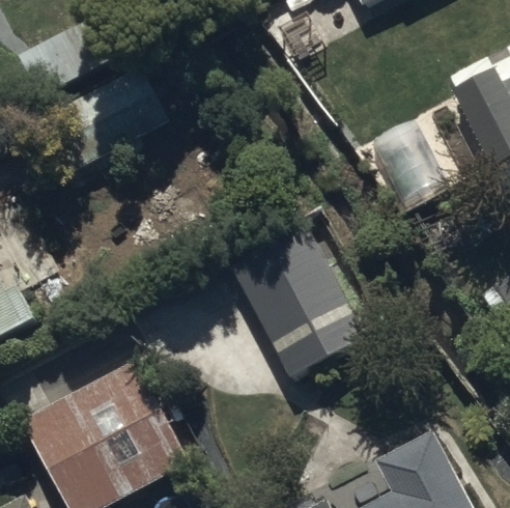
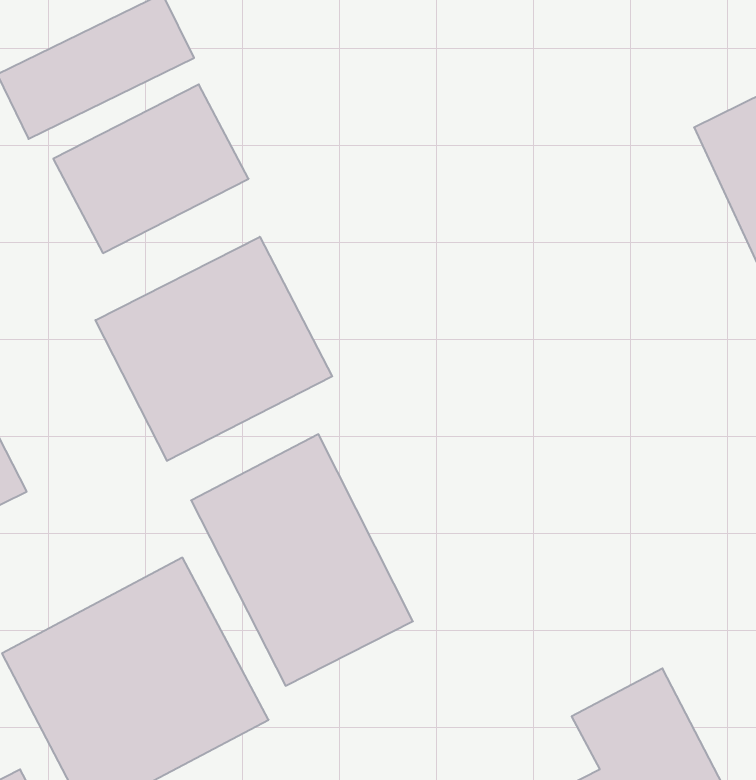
building: none -> [95,237,332,461]
building: [230,224,369,382] -> [191,434,413,686]

